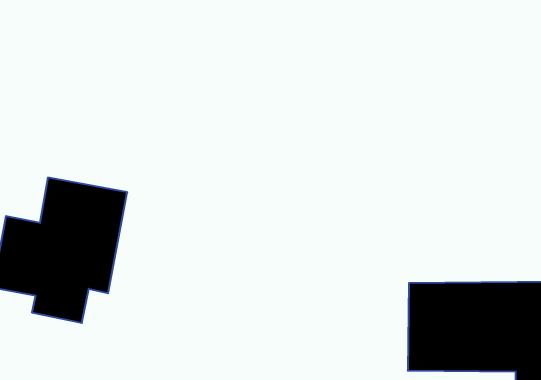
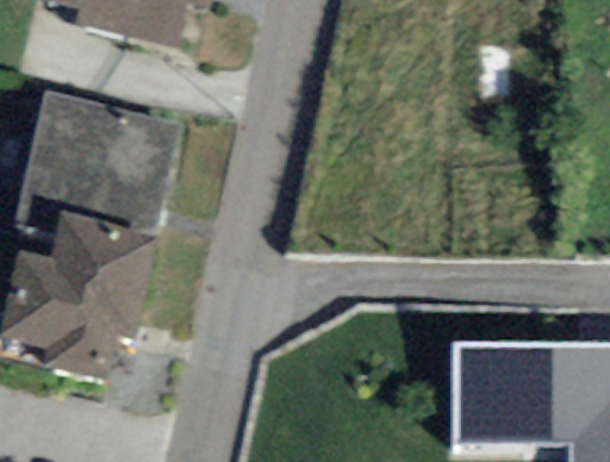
building: none -> [30,95,176,237]

